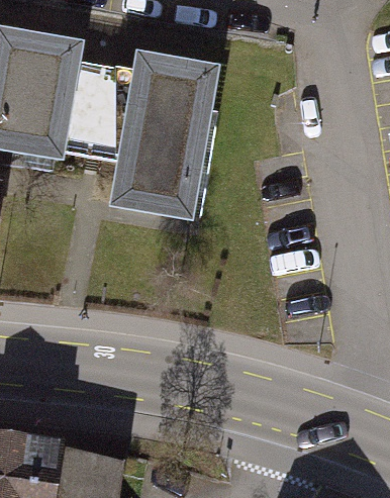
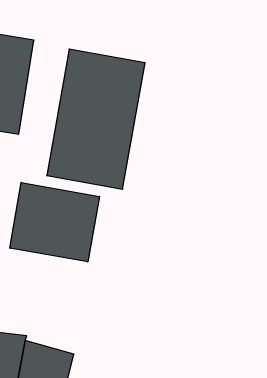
building: none -> [10,182,100,262]

